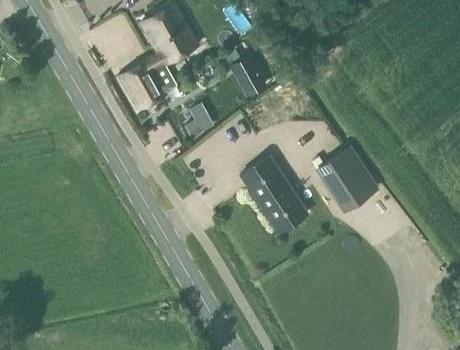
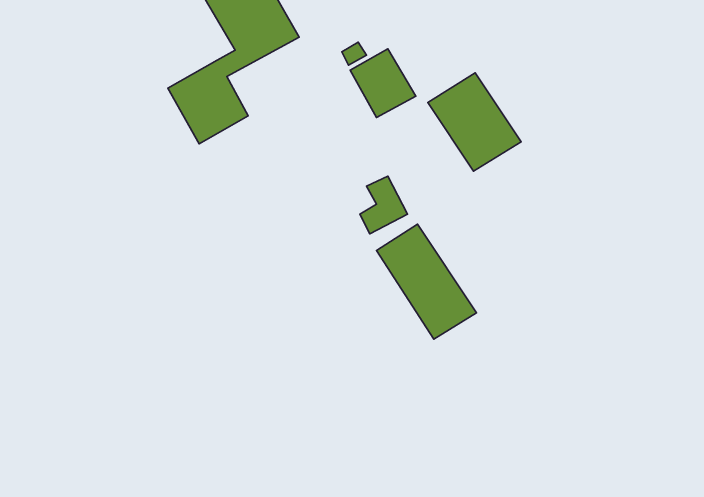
building: [186,101,215,136] -> [360,176,408,234]
building: [318,155,375,215] -> [428,73,521,171]

